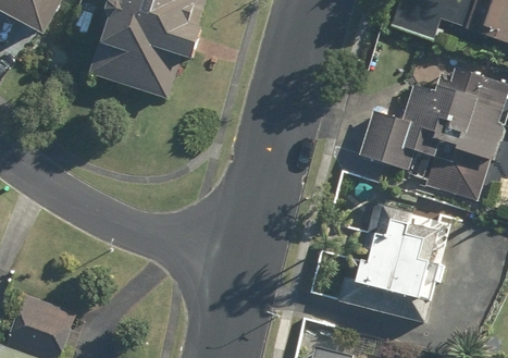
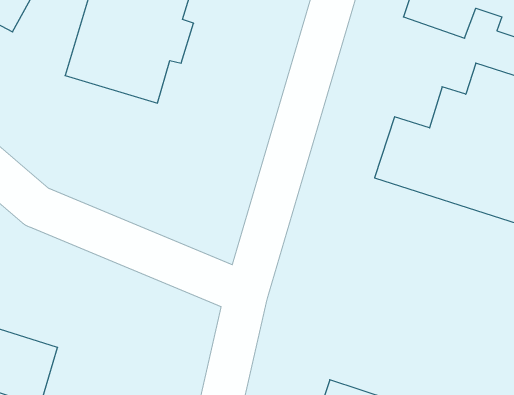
building: [336,199,454,321] -> none

